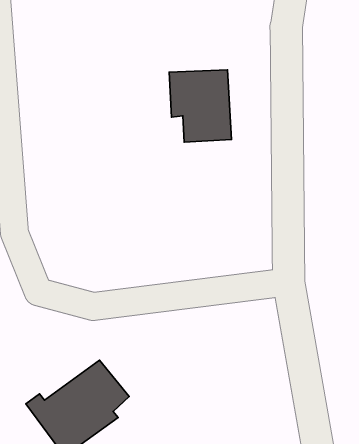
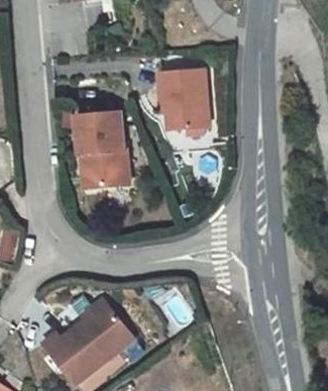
building: none -> [74,117,125,184]

